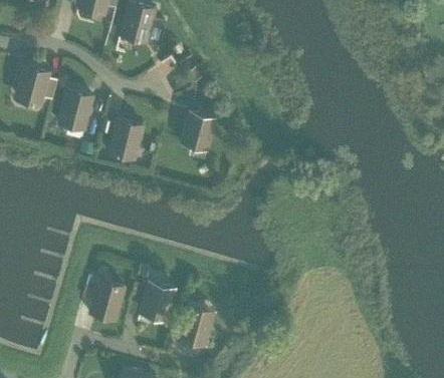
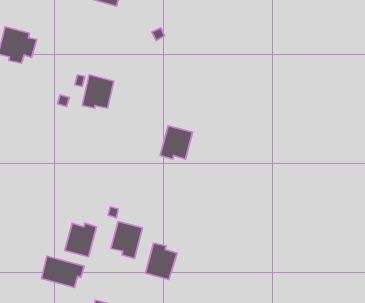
building: [57,91,93,138] -> none
building: [180,112,216,149] -> [160,126,193,159]
building: none -> [41,256,84,287]

